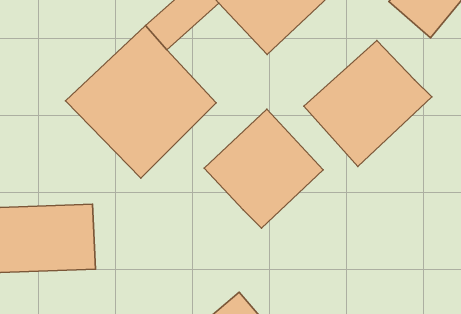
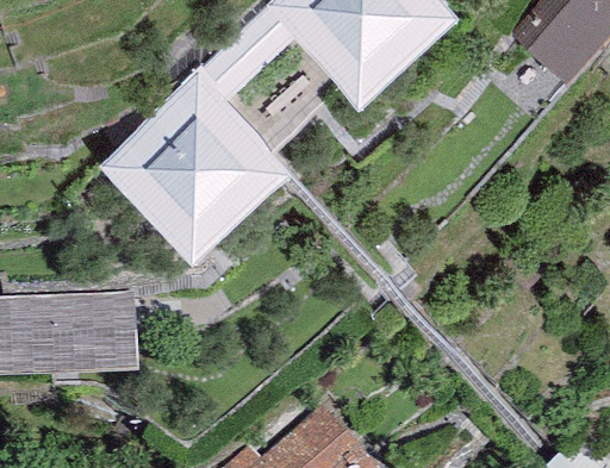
building: [304,41,432,166] -> none
building: [204,109,323,228] -> none

